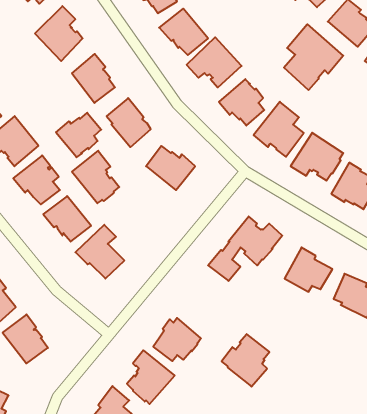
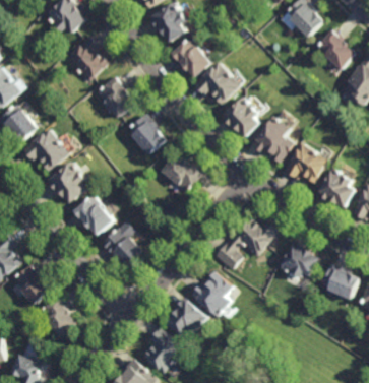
building: [284,24,343,90] -> none
building: [56,113,101,157] -> none
building: [72,151,119,203] -> none
building: [222,334,269,387] -> [191,272,232,317]

